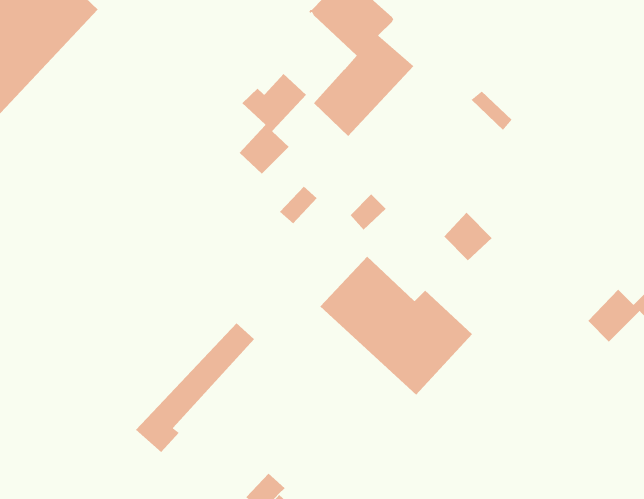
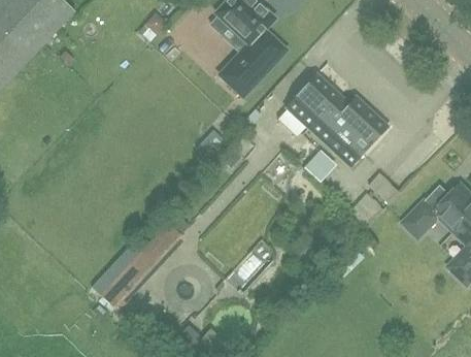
building: [239,73,307,174] -> none
building: [319,256,473,396] -> [284,72,388,166]

